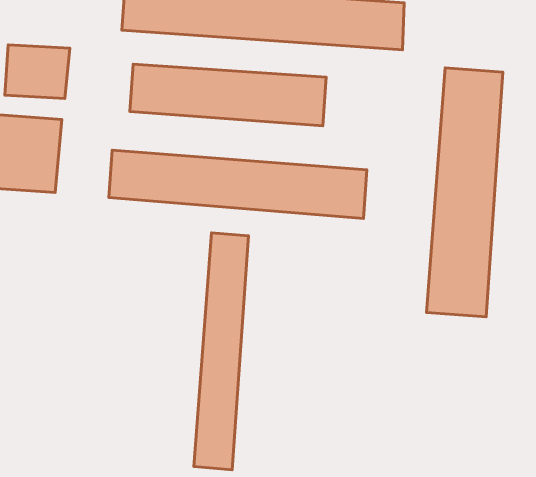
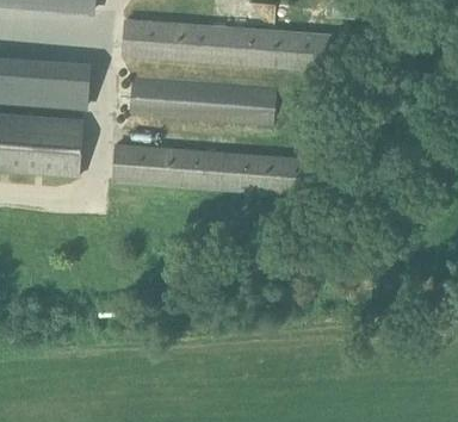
building: [427,68,503,317] -> none
building: [194,233,249,470] -> none

